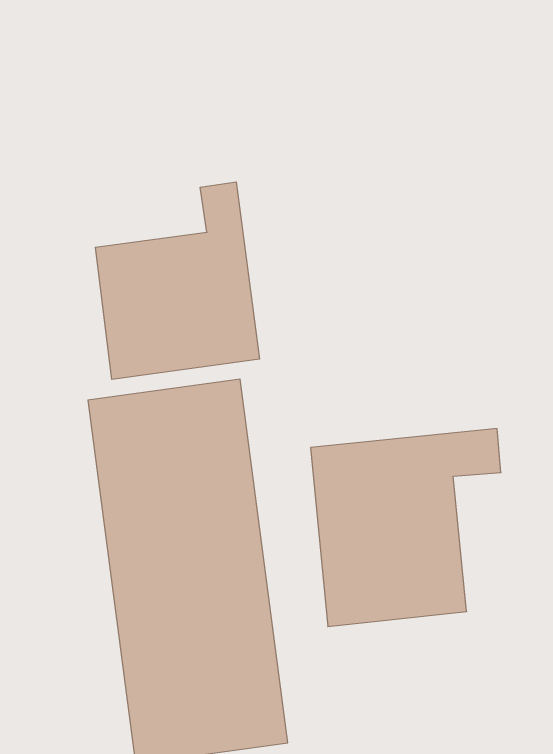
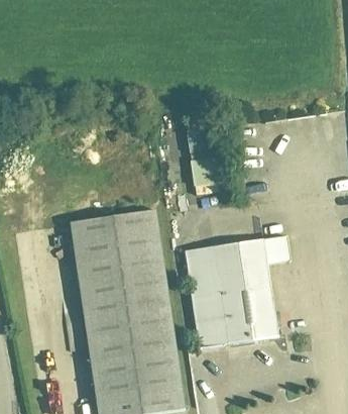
building: [95,182,259,379] -> none

